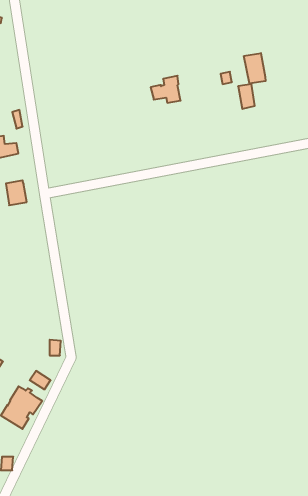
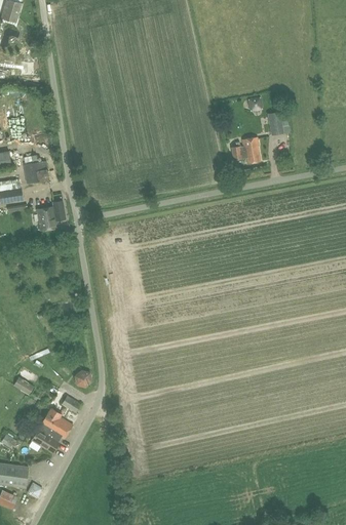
building: [244,53,266,84] -> none
building: [151,76,181,103] -> [230,135,260,162]

